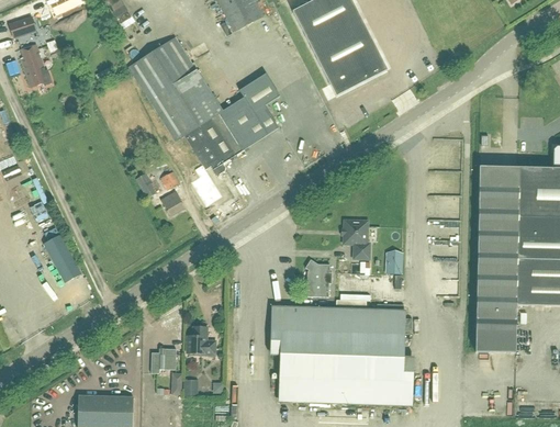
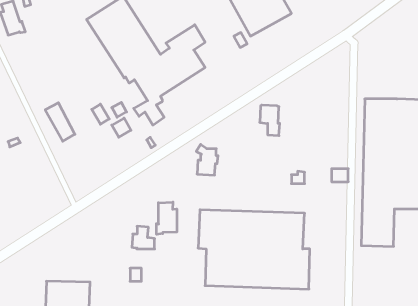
building: [343,222,368,260] -> [260,105,280,136]
building: [43,233,80,281] -> [45,103,75,141]
building: [303,259,331,297] -> [196,144,218,175]
building: none -> [156,202,177,234]
building: [150,348,176,373] -> none

